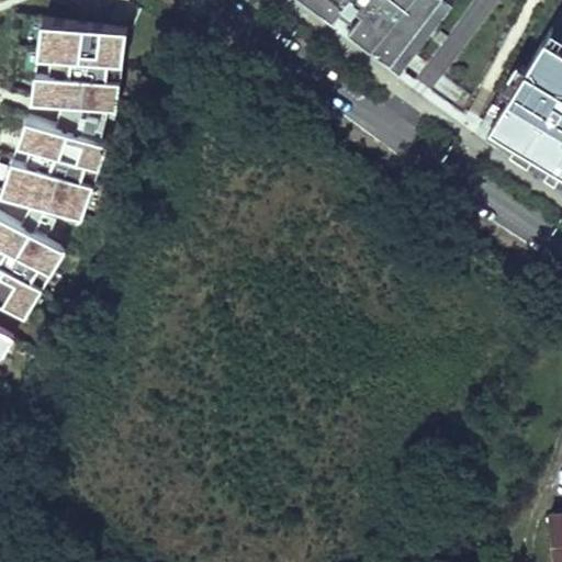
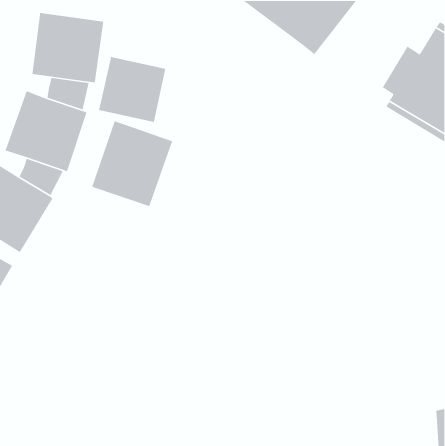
building: none -> [98,56,166,123]
building: none -> [91,120,173,207]

